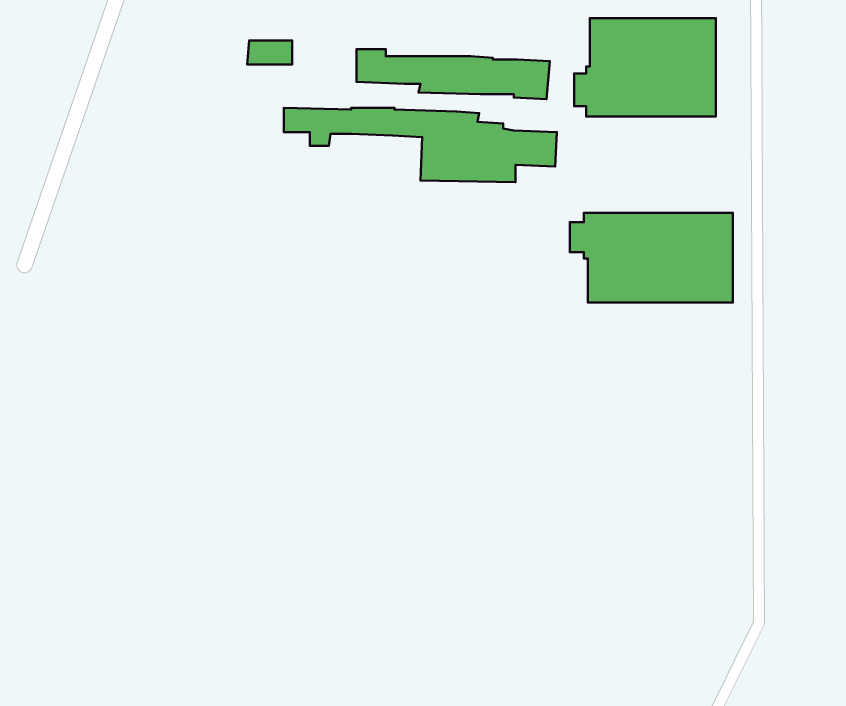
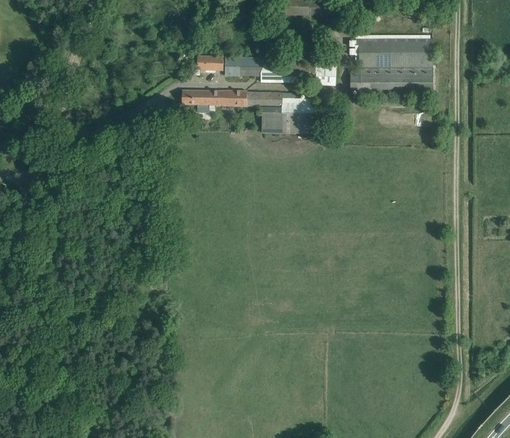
building: [247,40,292,65] -> [195,55,221,69]
building: [570,213,733,302] -> none

